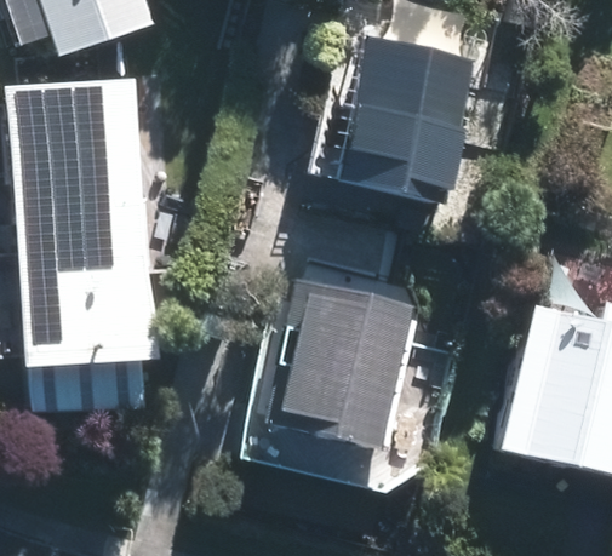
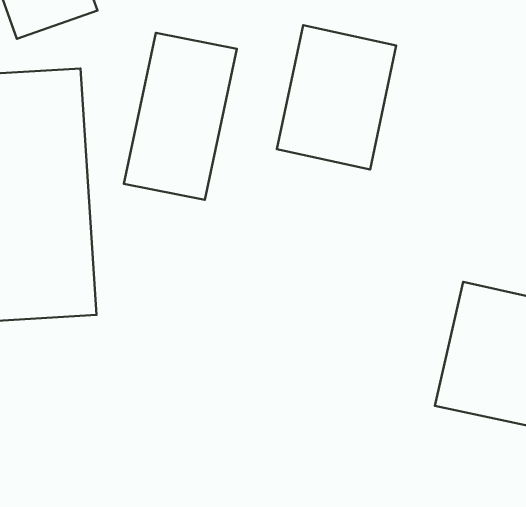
building: none -> [124,33,237,200]
building: [274,285,413,445] -> none

